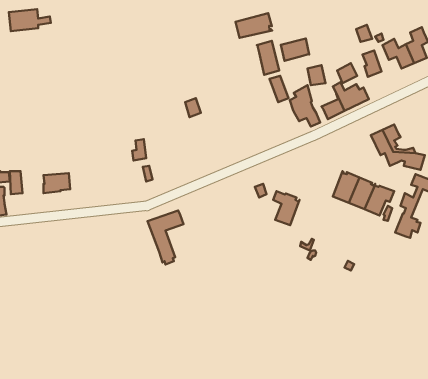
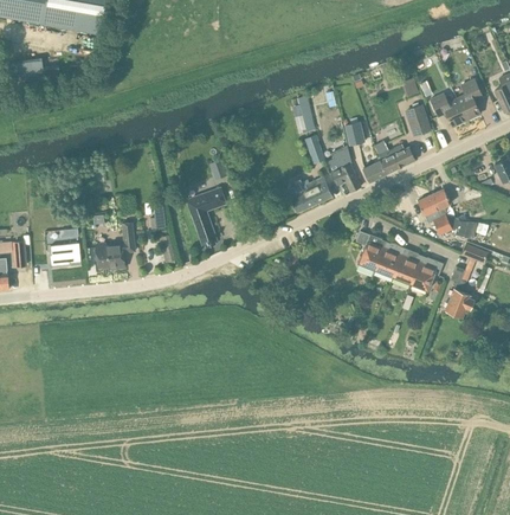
building: [235,13,272,38] -> none
building: [281,39,309,61] -> none
building: none -> [286,176,331,212]
building: none -> [96,223,135,268]
building: [273,191,300,225] -> [356,231,386,269]
building: [148,210,183,264] -> [186,187,226,247]

